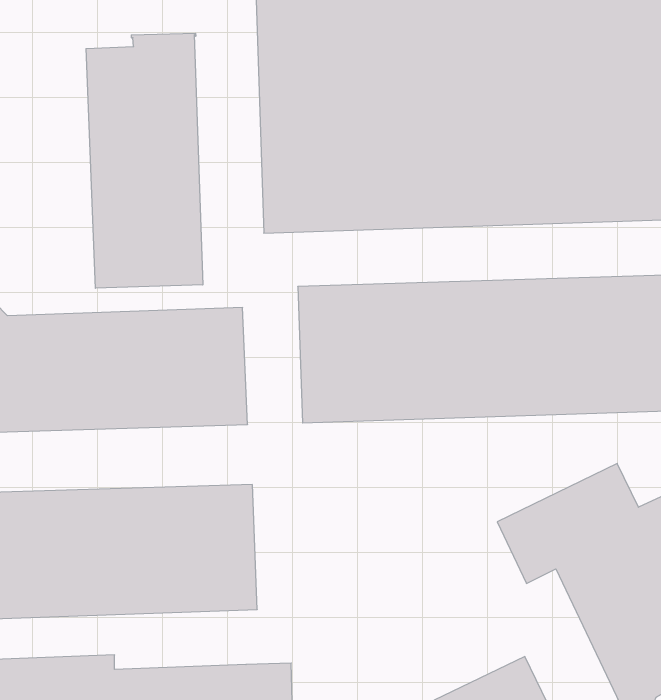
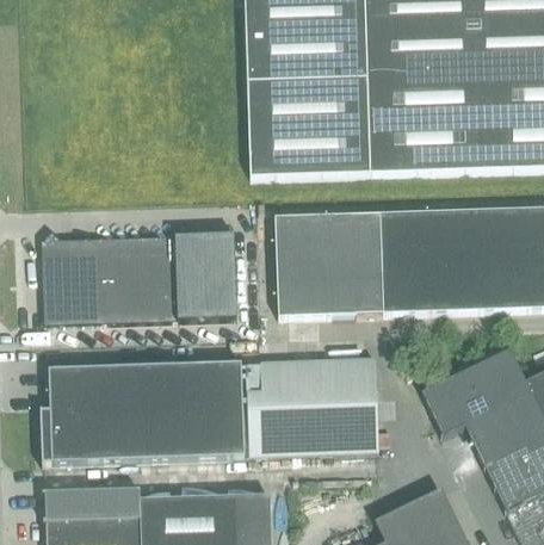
building: [86,33,203,288] -> none
building: none -> [247,357,378,457]

